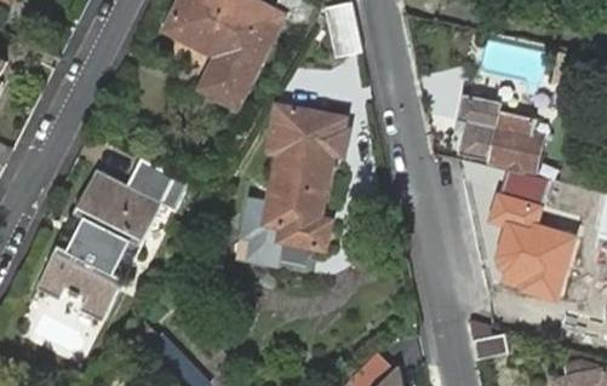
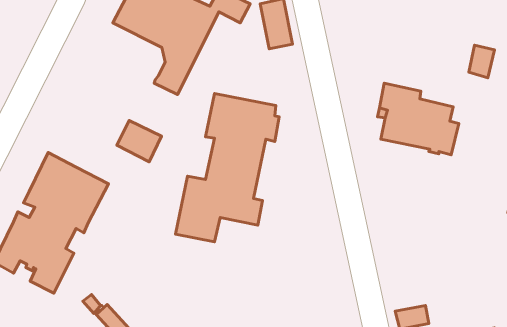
building: [126,159,174,203] -> [117,121,162,162]
building: [489,169,571,296] -> none

